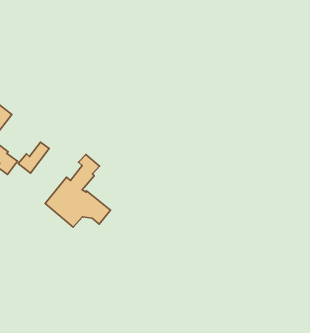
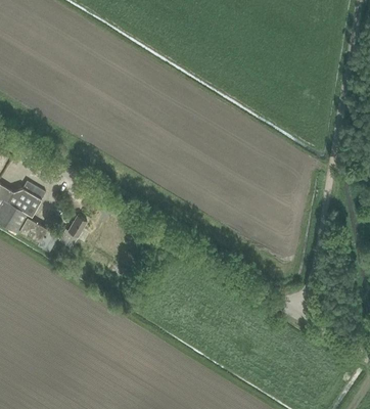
building: [45,154,110,227] -> none

